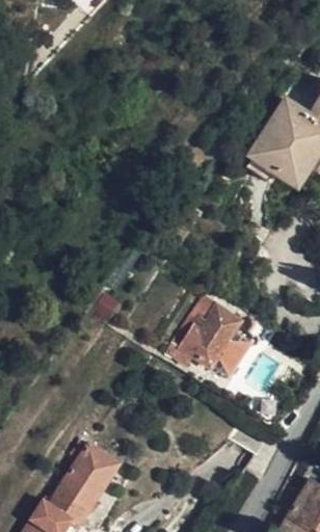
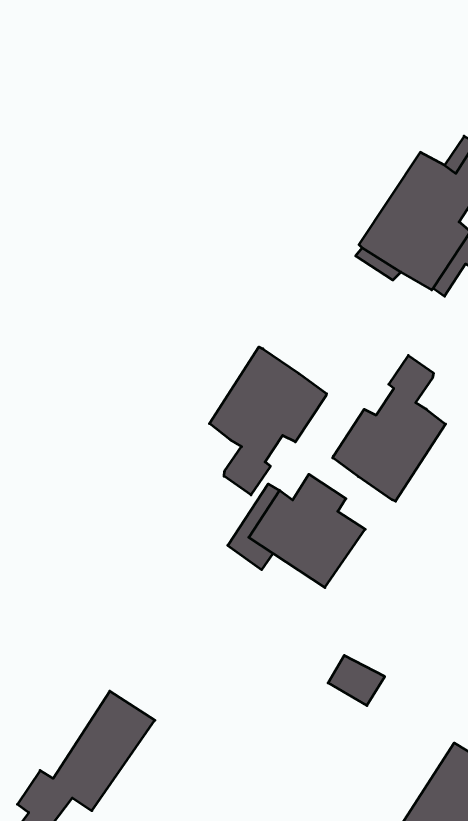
building: none -> [209,347,327,495]
building: none -> [333,355,446,501]

